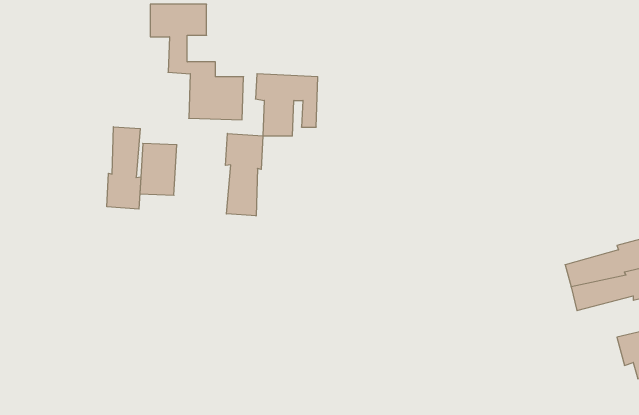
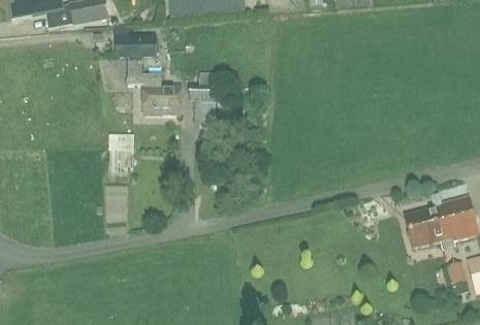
building: [107,127,141,209] -> none
building: [225,133,263,216] -> none

